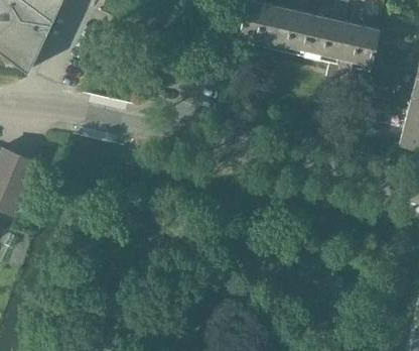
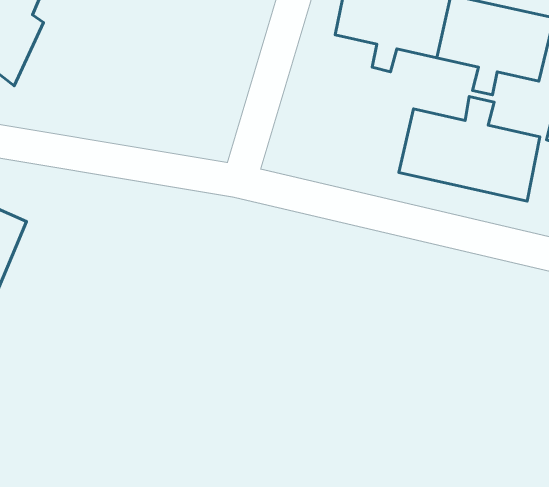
building: none -> [399,97,540,201]

